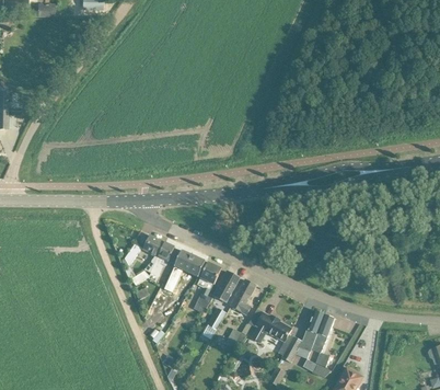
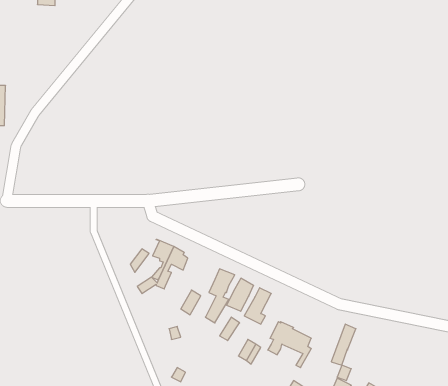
building: [165,250,206,288] -> none
building: [281,310,324,362] -> none

